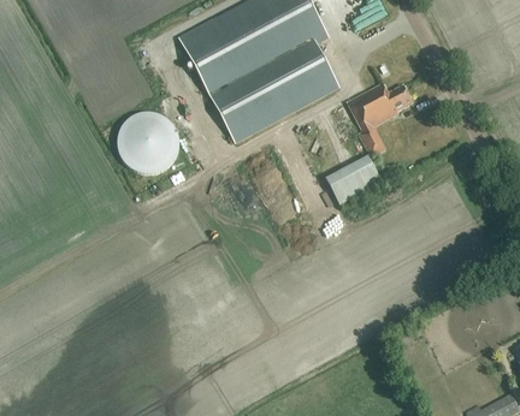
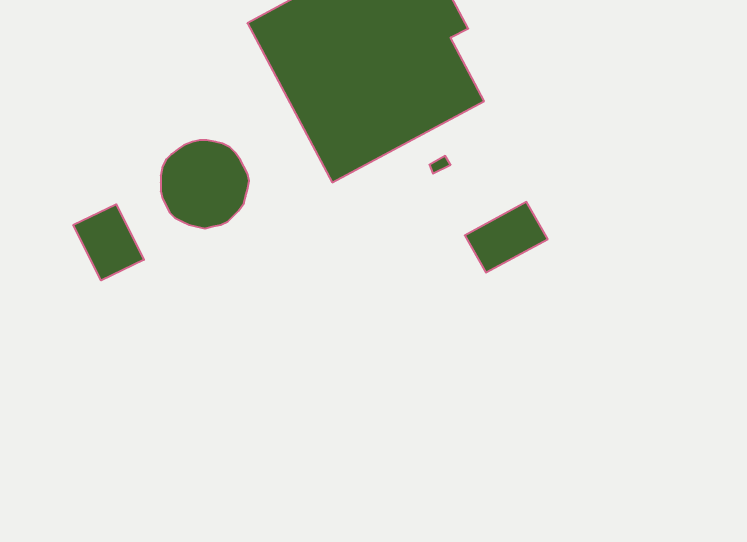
building: [348,84,414,158] -> none
building: none -> [73,204,144,280]

